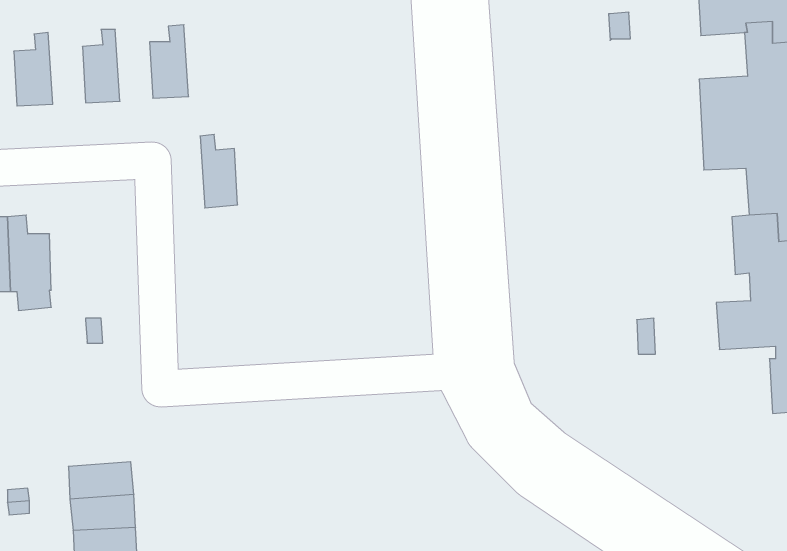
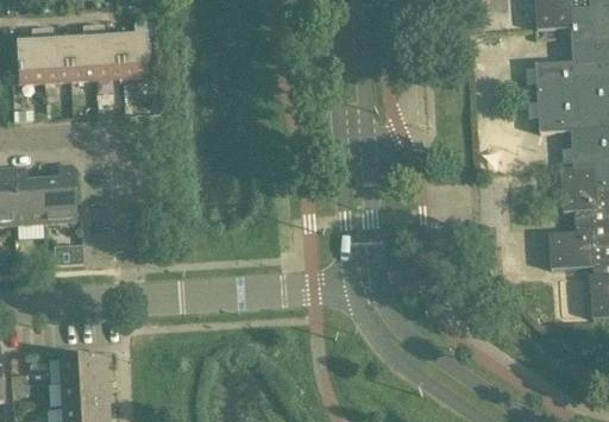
building: none -> [40,26,69,81]
building: [200,134,238,208] -> [92,23,120,78]
building: none -> [42,163,75,222]

